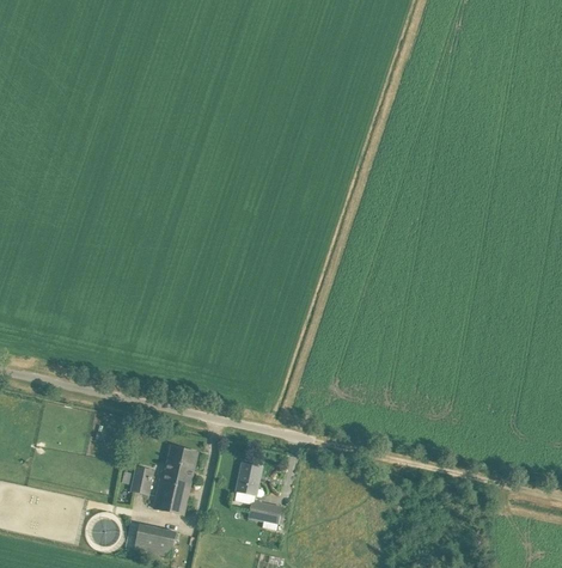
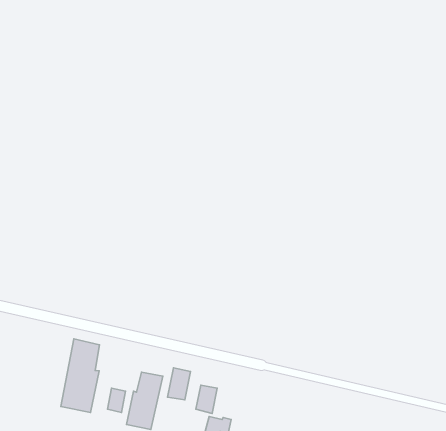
building: none -> [61,339,100,413]
building: none -> [167,368,190,400]

